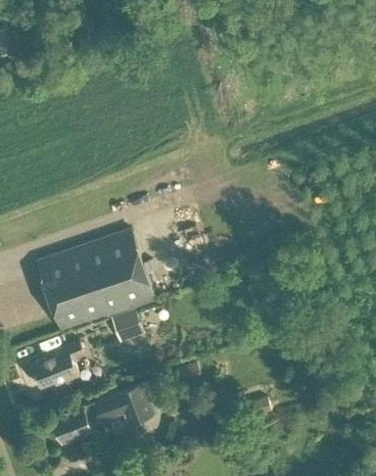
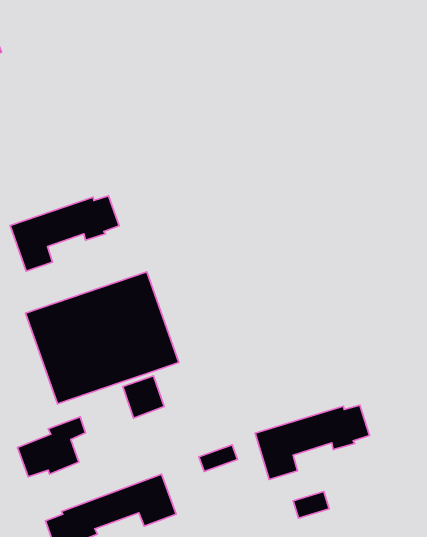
building: none -> [10,196,119,271]
building: none -> [255,405,370,479]

